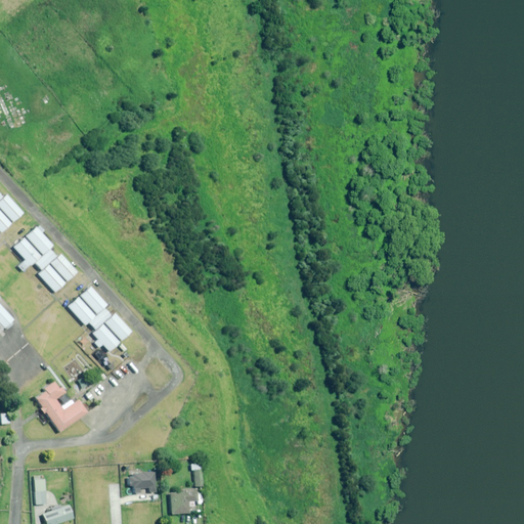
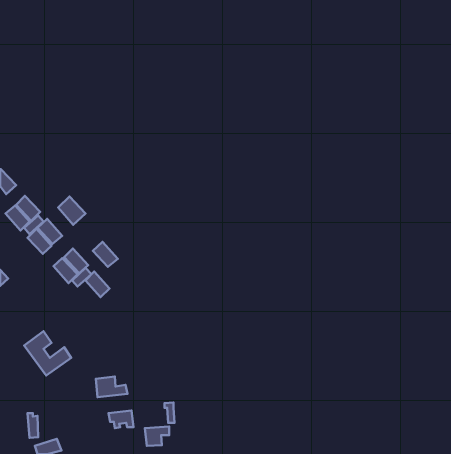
building: none -> [58,196,85,225]
building: [90,323,119,352] -> [93,242,118,267]
building: none -> [96,376,127,397]

